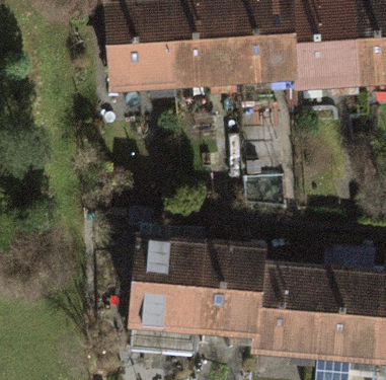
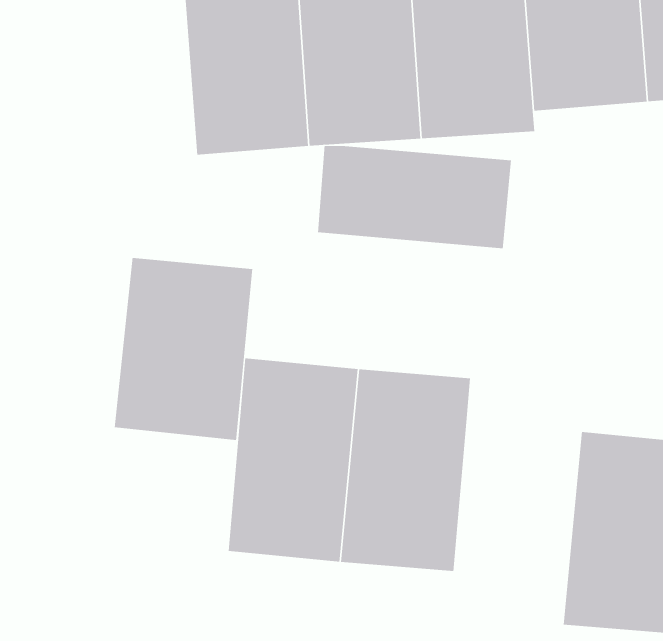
building: none -> [318,145,511,249]
building: none -> [114,257,253,441]
building: [256,256,328,368] -> none

